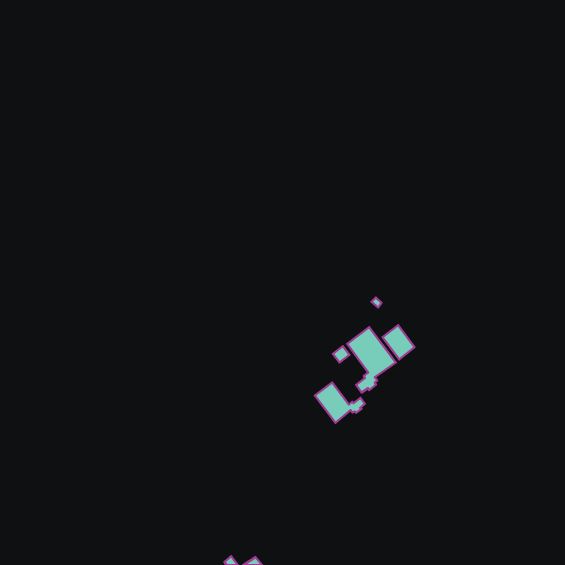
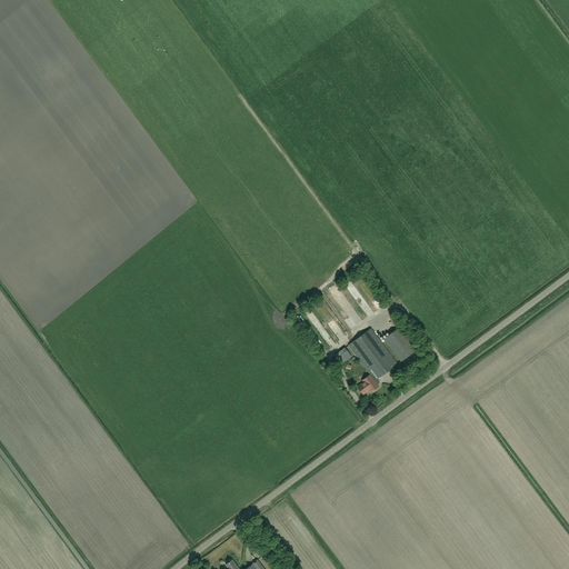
building: [315,383,365,423] -> none

